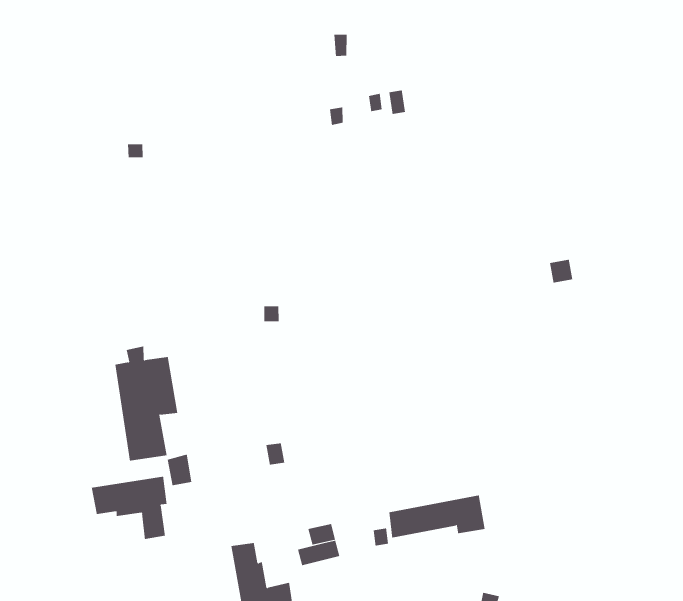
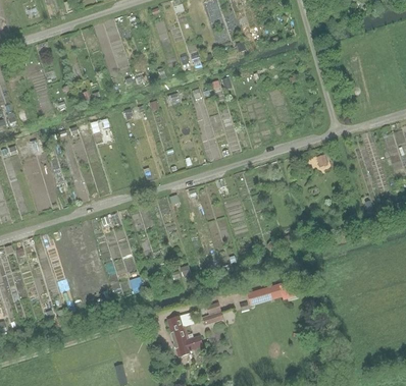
building: [91,476,167,540] -> none

